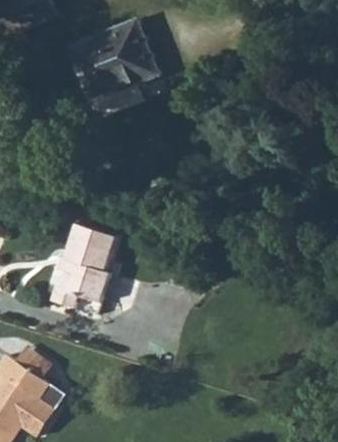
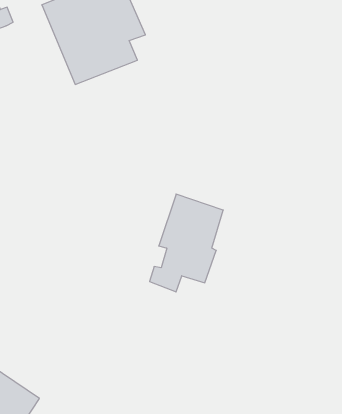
building: [50,223,114,308] -> [150,194,223,292]

